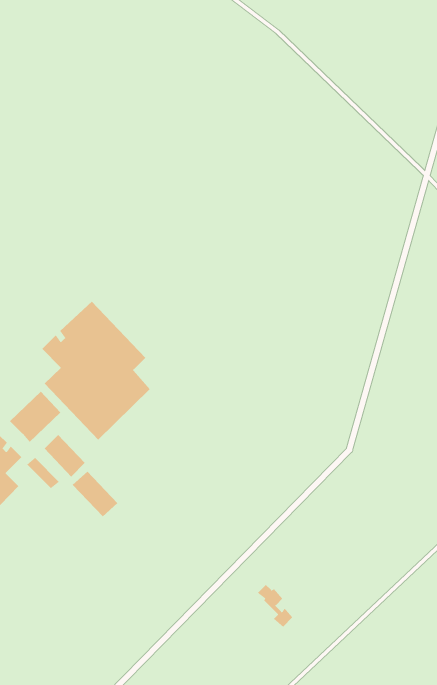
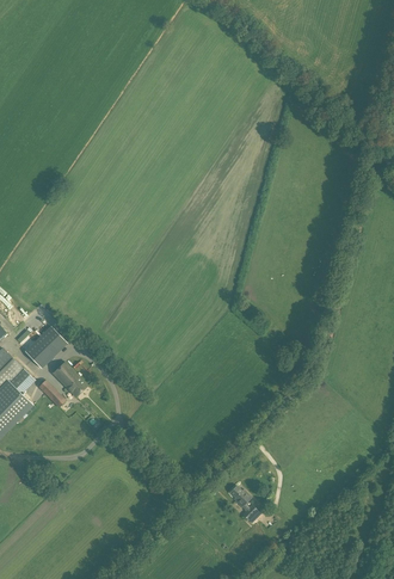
building: [41,301,151,441] -> none
building: [72,471,118,517] -> none

